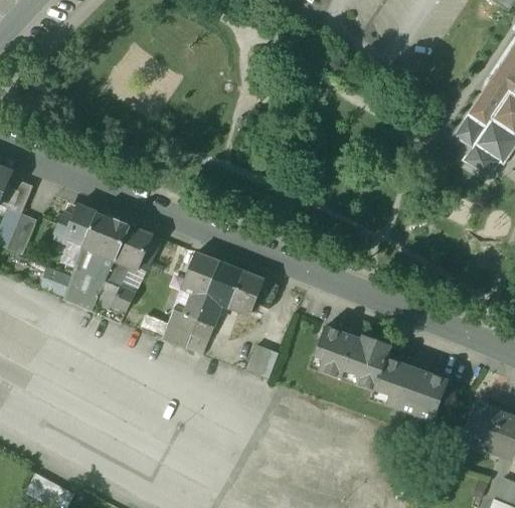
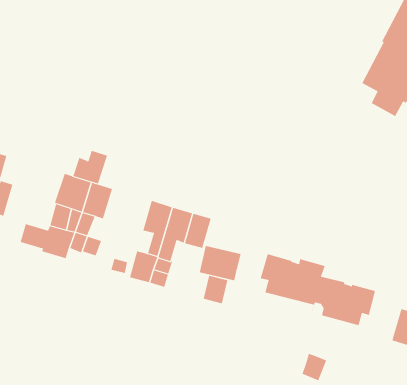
building: [53,203,97,243] -> [73,150,108,184]
building: none -> [199,245,241,281]
building: none -> [302,353,327,381]

